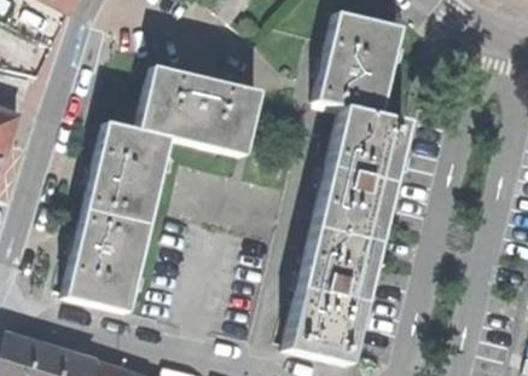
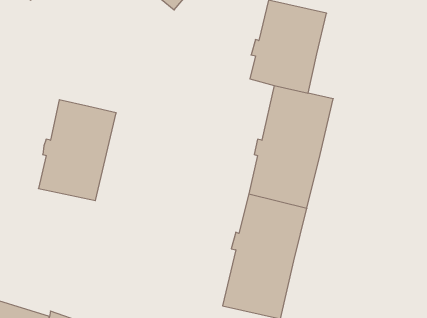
building: [137,68,257,156] -> none
building: [63,221,144,312] -> none

